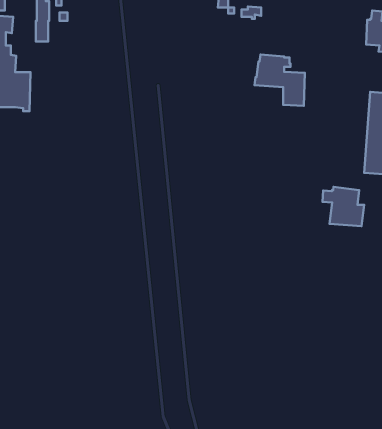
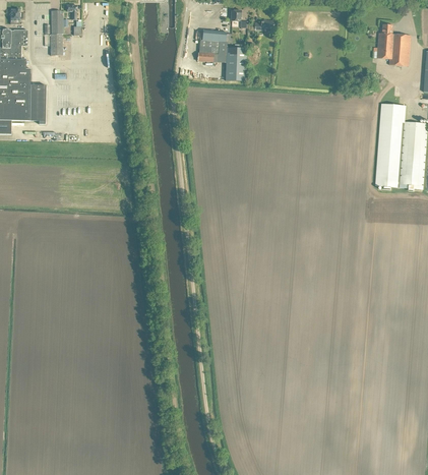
building: [254,54,305,106] -> [196,29,246,80]
building: [322,187,364,226] -> none

